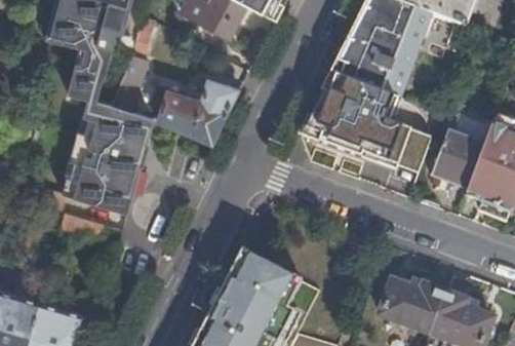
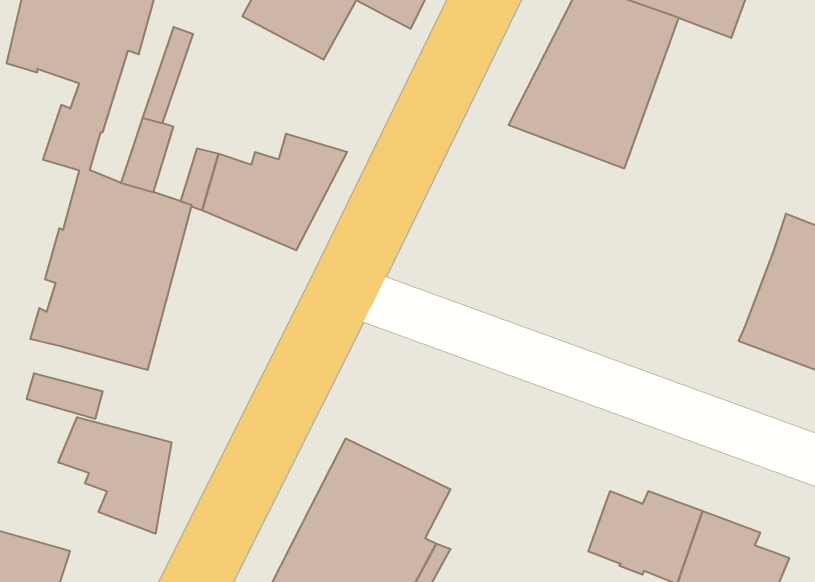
building: [301,88,431,178] -> none
building: [428,131,482,188] -> none
building: none -> [58,417,172,534]

